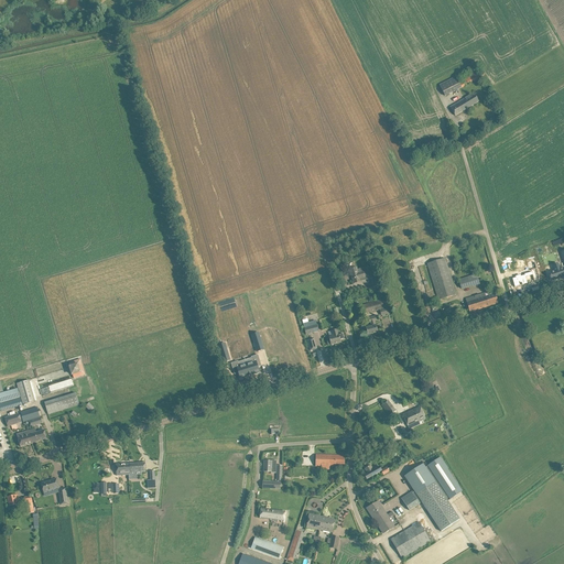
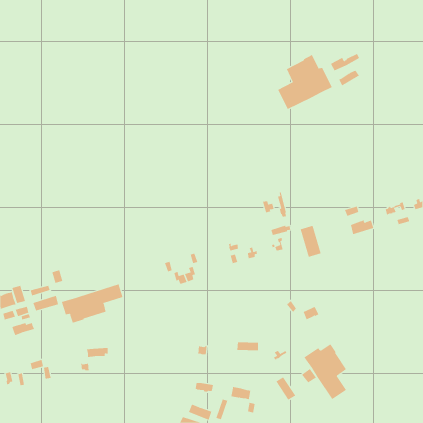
building: none -> [277,54,333,110]
building: [426,257,455,300] -> [300,225,321,258]
building: none -> [61,284,123,324]
building: [390,521,430,557] -> none

